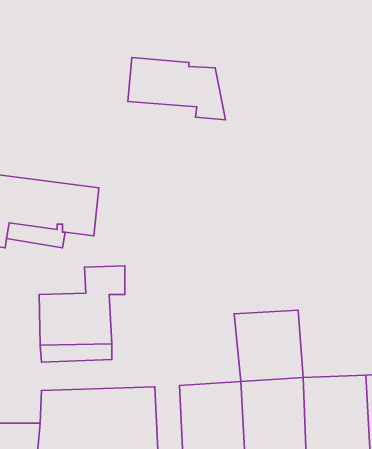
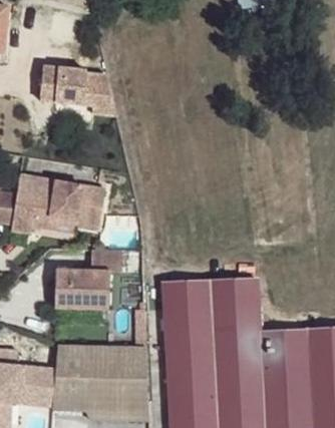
building: [128,57,225,120] -> [40,67,115,115]
building: none -> [160,283,211,338]

